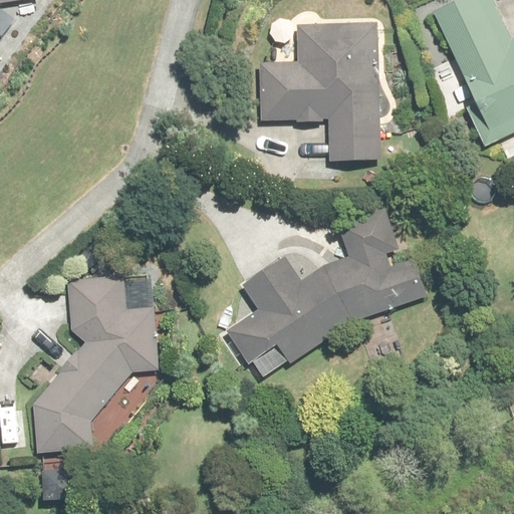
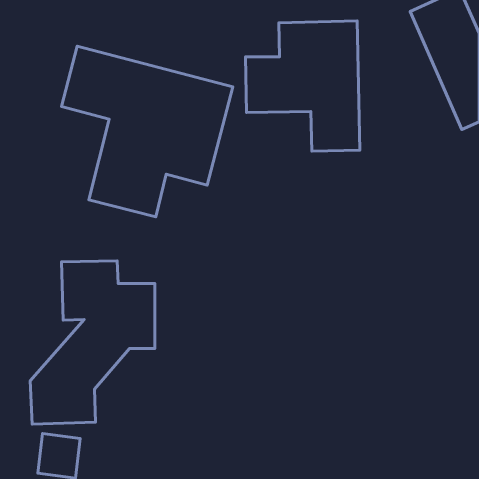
building: none -> [62,46,233,217]
building: [227,205,431,378] -> none

